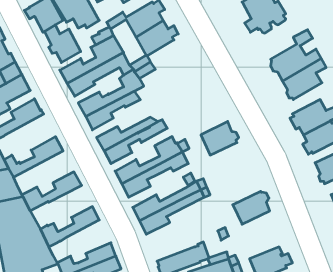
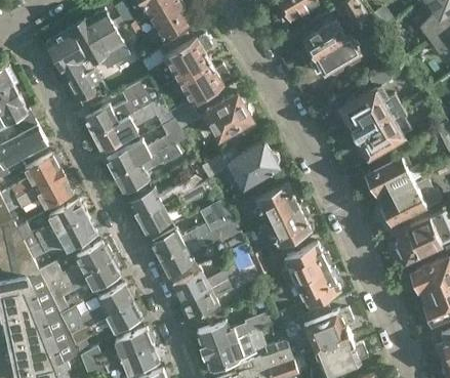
building: none -> [204,95,254,138]
building: none -> [201,141,279,186]
building: none -> [16,174,73,209]
building: none -> [267,209,311,247]
building: none -> [27,219,96,272]
building: none -> [281,244,330,288]
building: none -> [47,261,118,314]
building: none -> [70,303,140,346]
building: none -> [303,310,353,350]
building: none -> [195,312,274,353]

